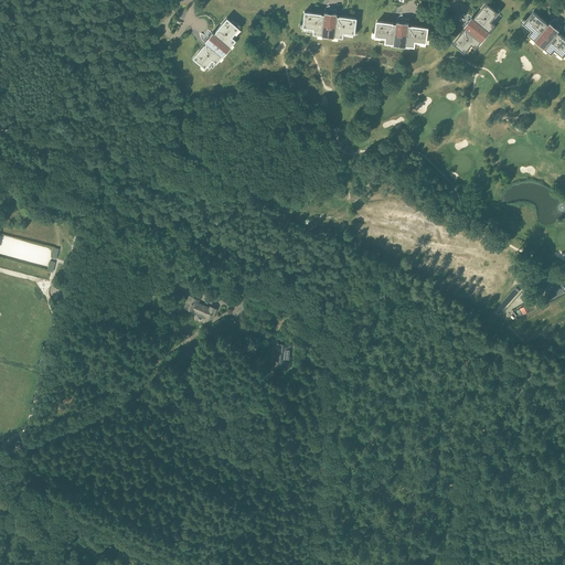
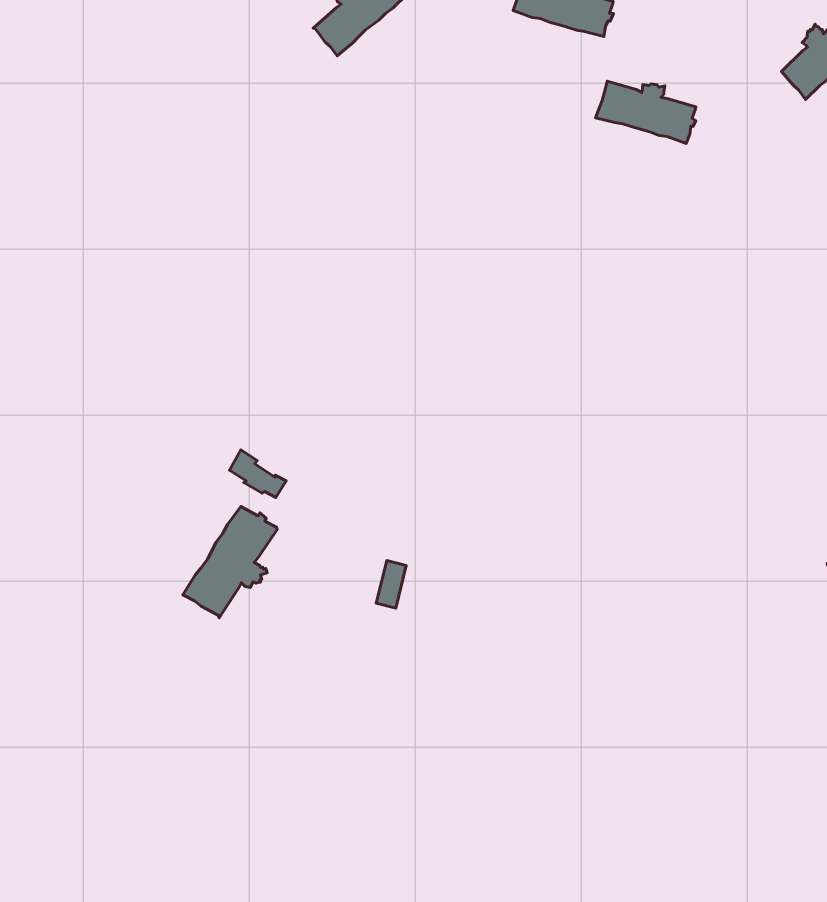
building: [374,19,429,49] -> [596,81,696,144]
building: none -> [183,506,277,618]

